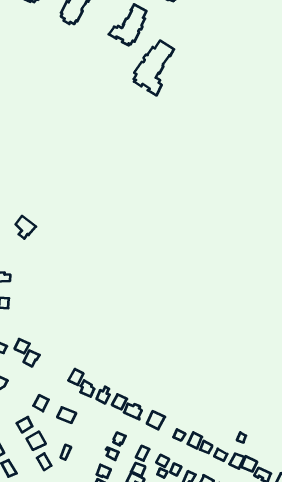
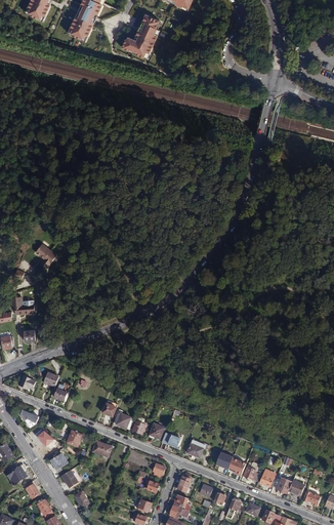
building: [134,41,174,95] -> none

